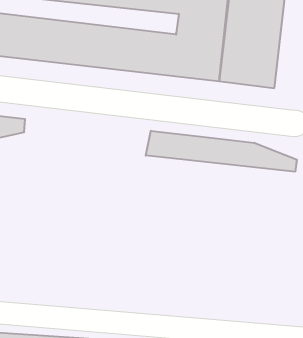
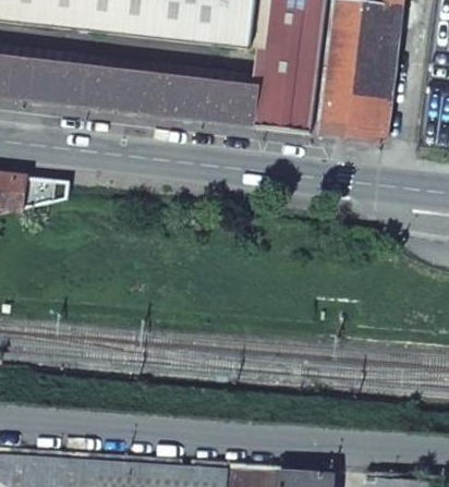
building: [146,131,297,172] -> none

